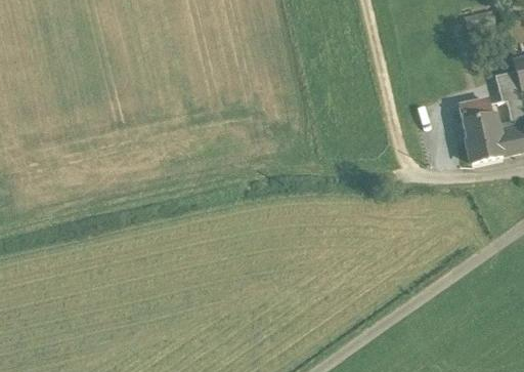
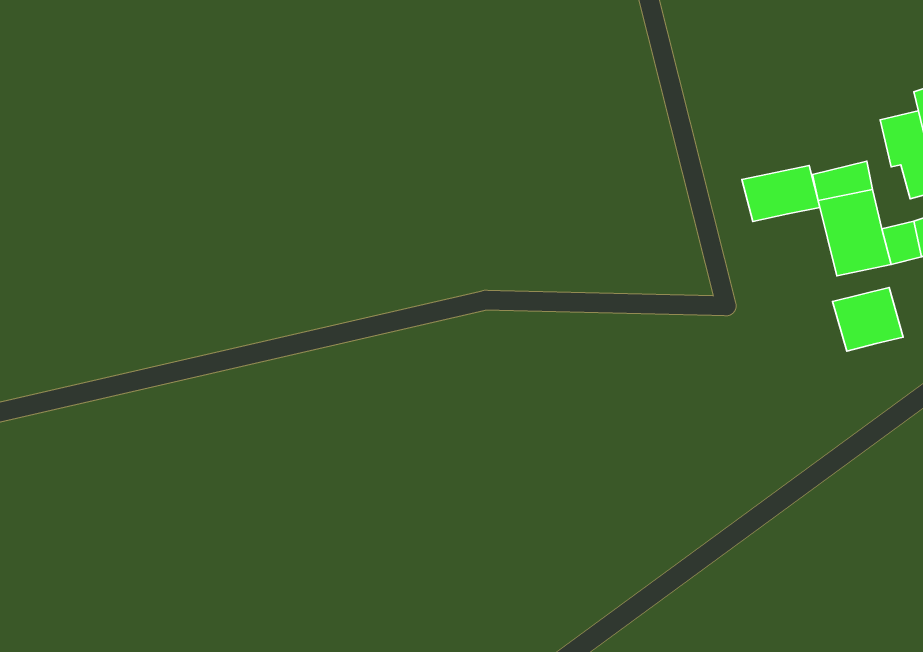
building: none -> [742,165,820,221]
building: none -> [833,288,903,351]

